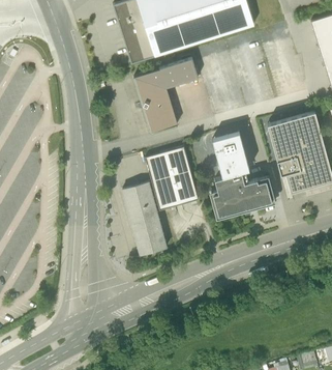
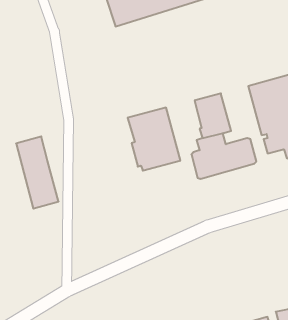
building: [133,58,198,133] -> none
building: [122,181,165,255] -> [16,136,59,209]

